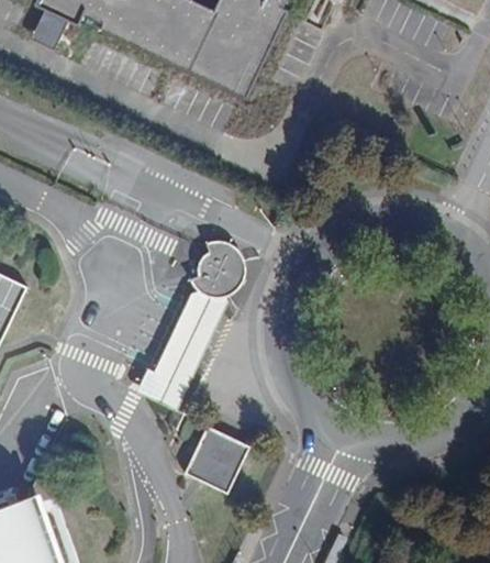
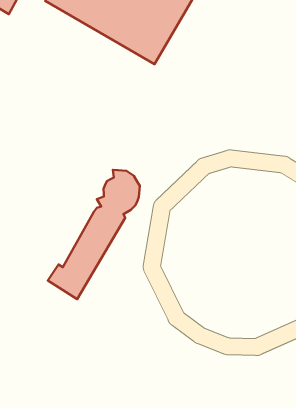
building: [186,422,249,487] -> none

